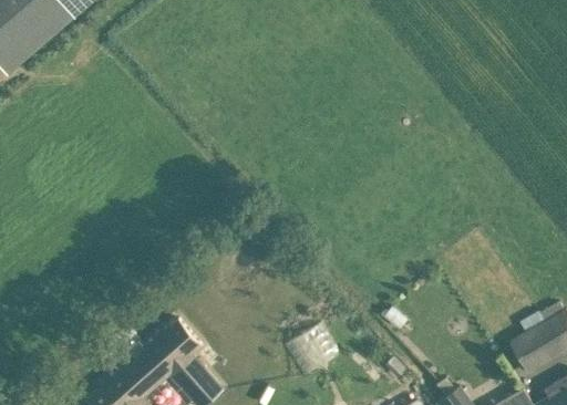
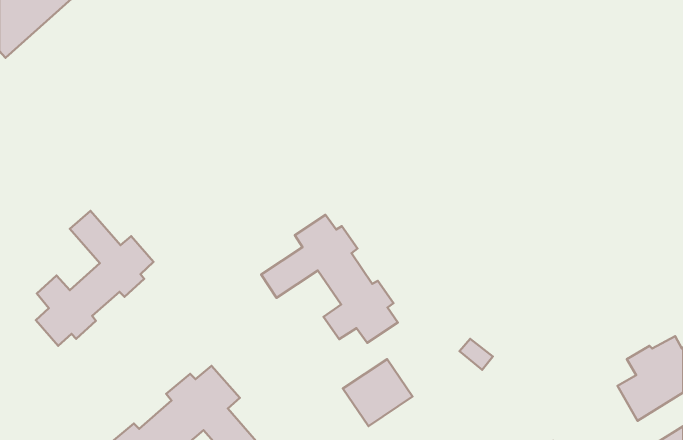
building: none -> [36,211,154,346]
building: none -> [261,215,398,343]

